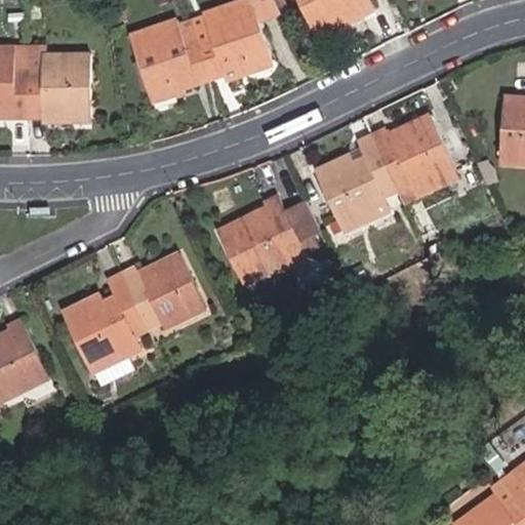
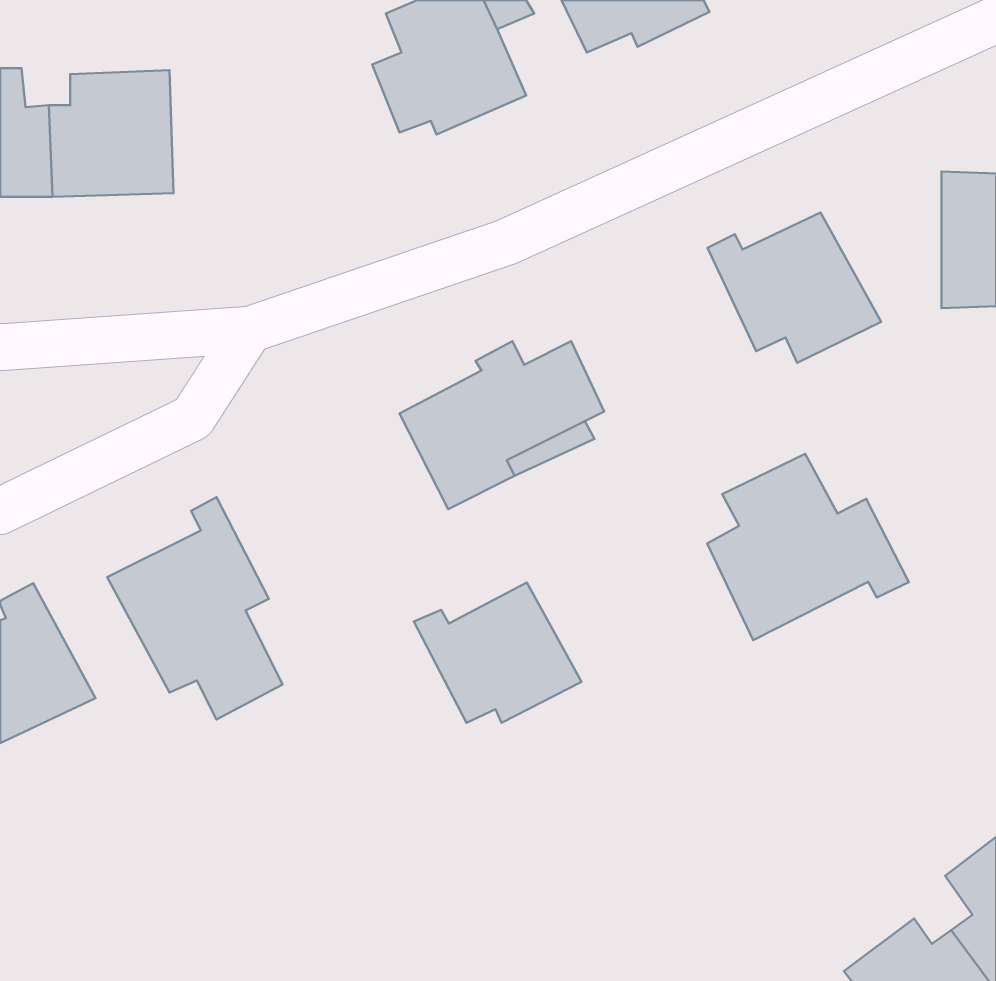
building: [127,22,210,109] -> none
building: [317,138,398,235] -> none
building: none -> [707,454,909,640]
building: [114,249,202,323] -> [414,582,581,723]

